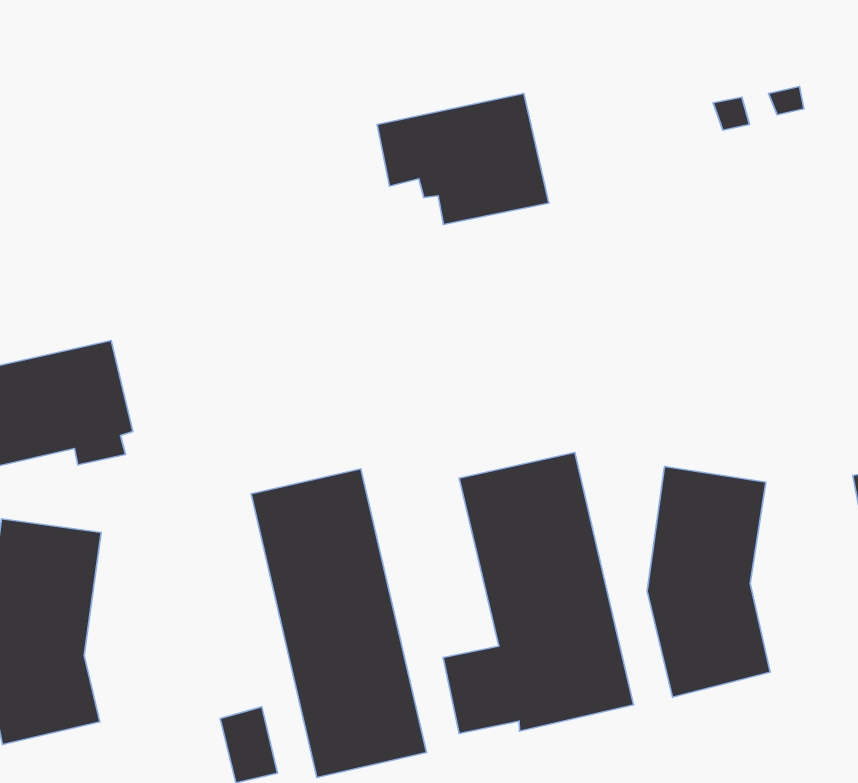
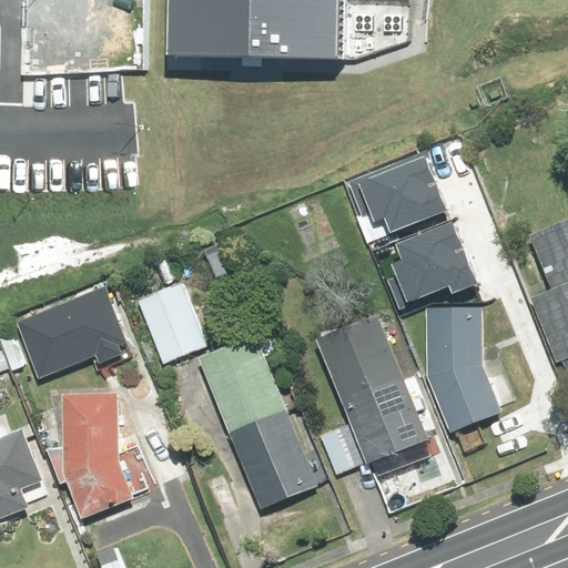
building: [377,93,549,225] -> [349,150,452,230]
building: none -> [398,216,488,296]
building: none -> [136,282,206,364]

